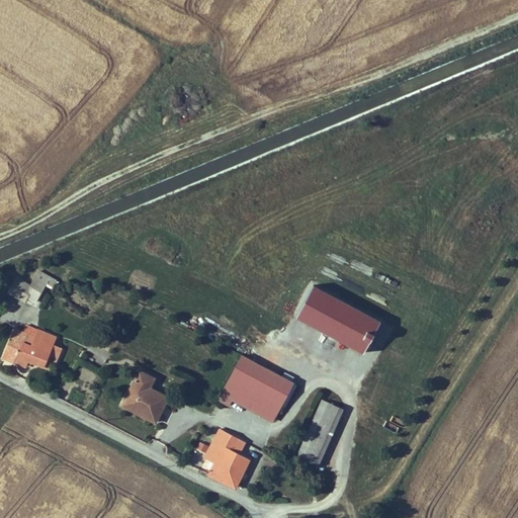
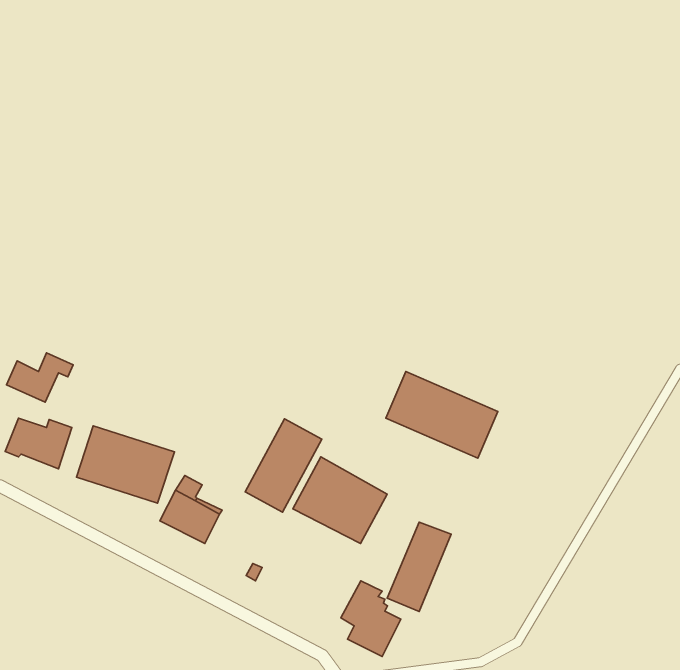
building: none -> [245,419,322,512]
building: none -> [76,426,174,503]
building: [203,428,249,486] -> [341,581,401,657]

